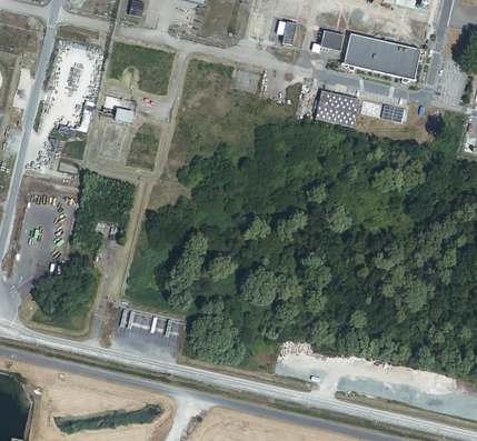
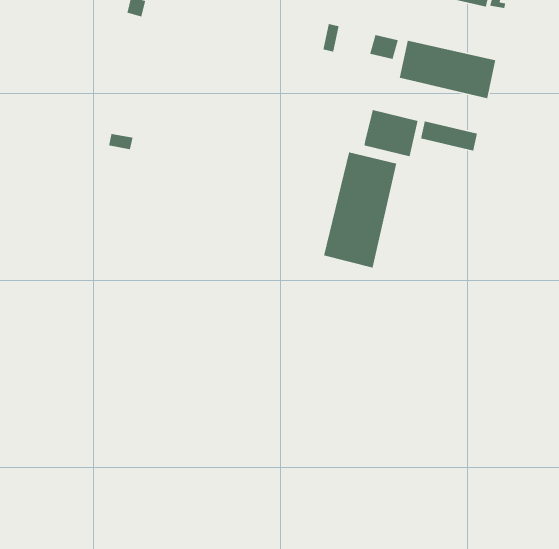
building: none -> [323,151,397,268]

